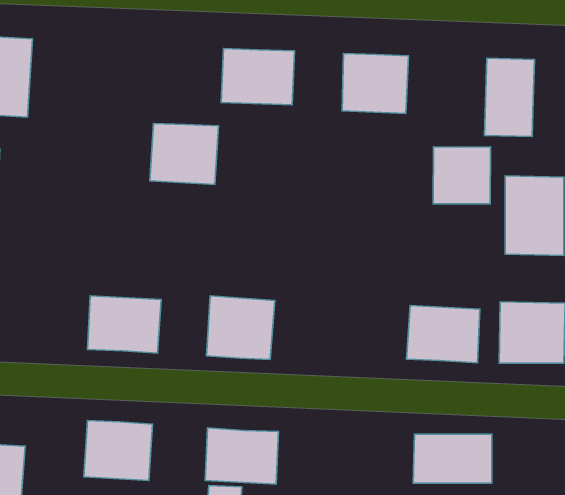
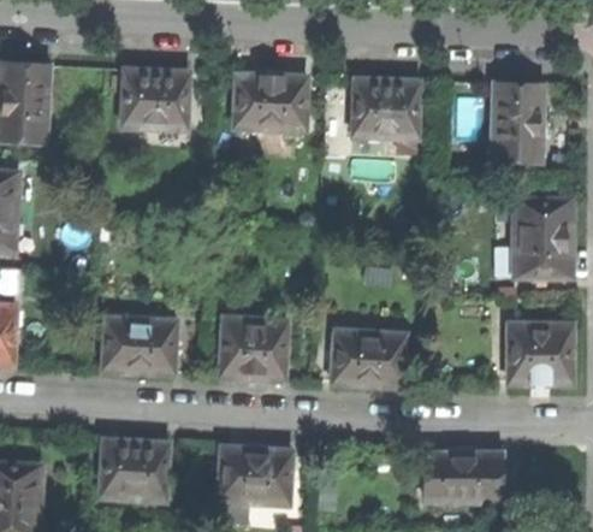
building: [150,123,218,185] -> [121,69,189,129]
building: [433,147,491,204] -> none
building: [406,305,480,363] -> [332,330,404,386]

